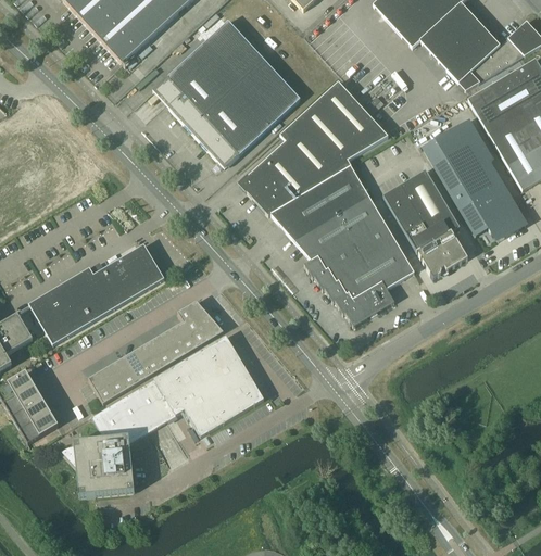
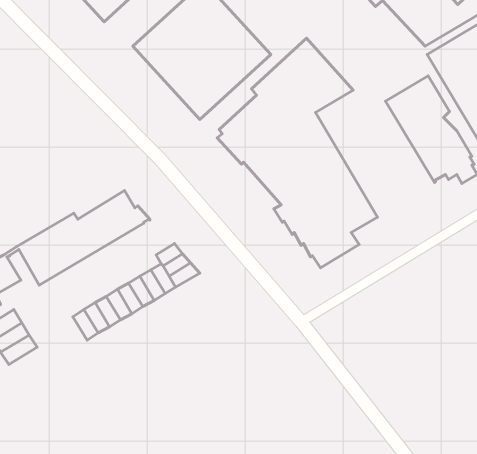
building: [382,169,467,278] -> none
building: [61,334,263,496] -> none
building: [20,410,58,443] -> none

